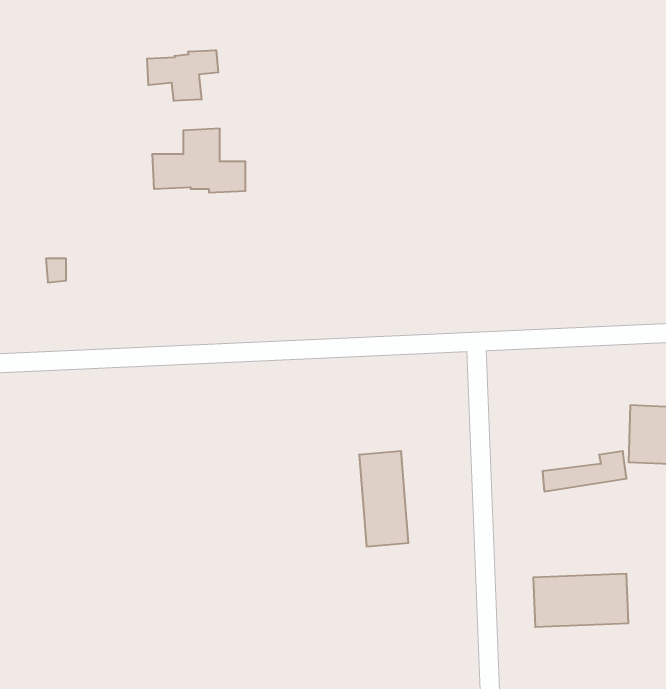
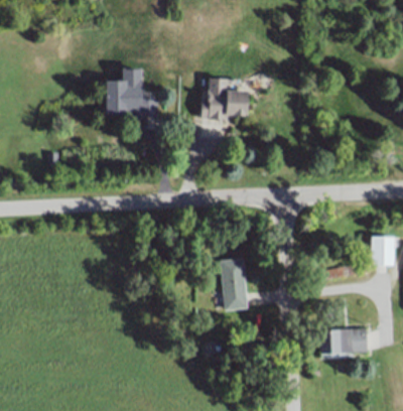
building: [147,50,218,101] -> none
building: none -> [202,78,247,120]

